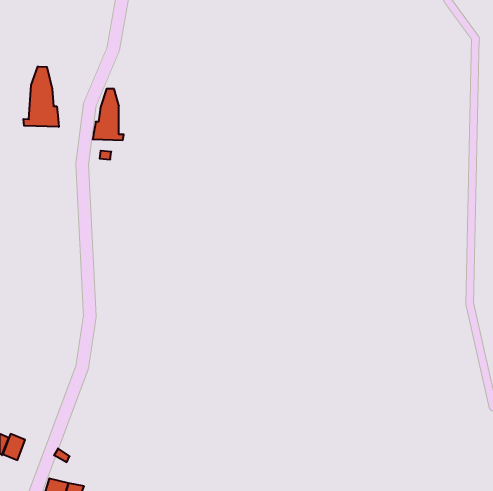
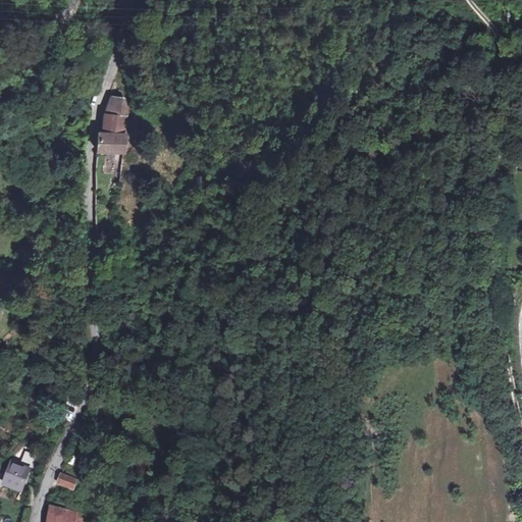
building: [23,66,59,127] -> none

